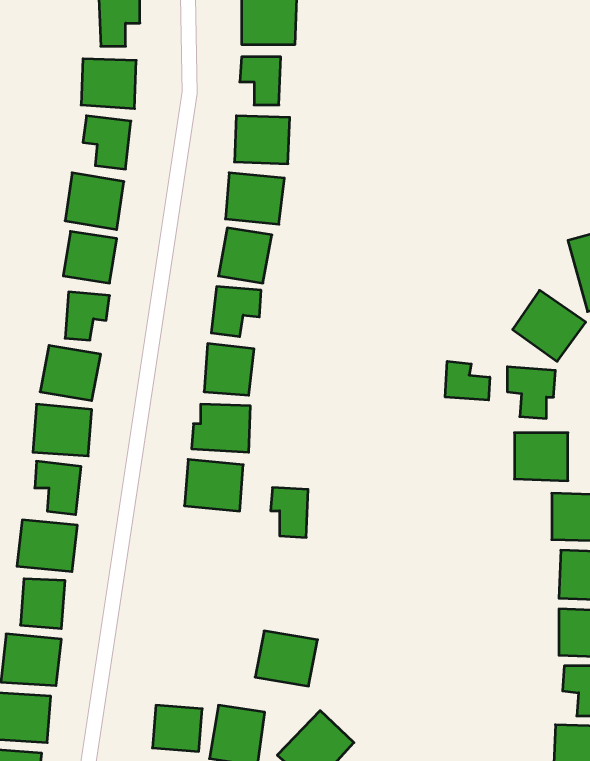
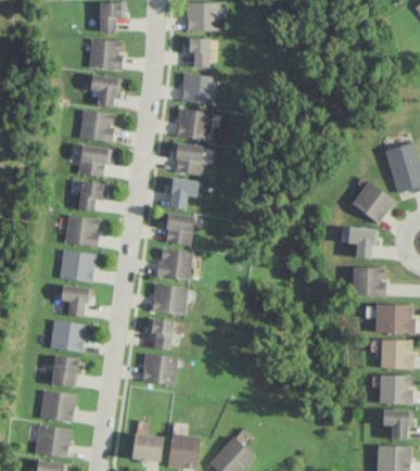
building: [445,361,490,400] -> none
building: [271,488,308,537] -> [149,319,171,349]
building: [255,631,318,686] -> [140,353,178,386]

